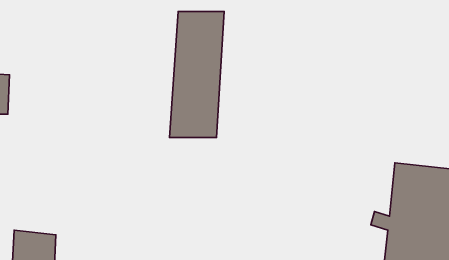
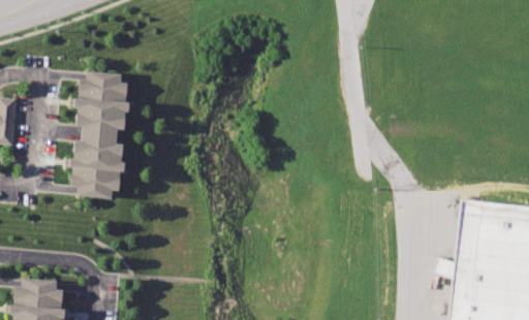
building: [170,11,224,138] -> none
building: none -> [74,74,133,197]

